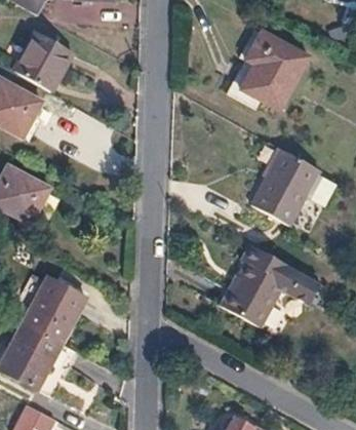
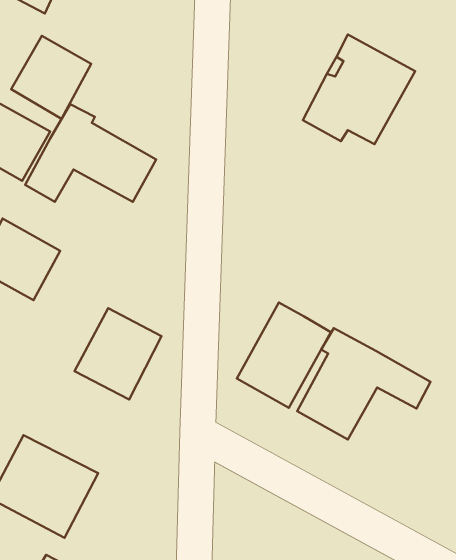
building: none -> [25,104,156,202]
building: [251,148,320,225] -> [237,302,331,408]
building: [23,276,86,343] -> [75,308,162,399]

